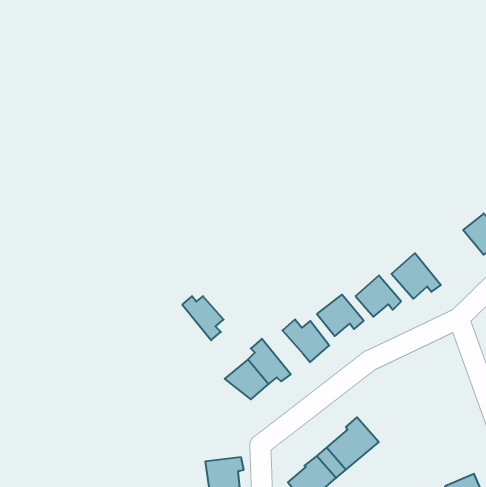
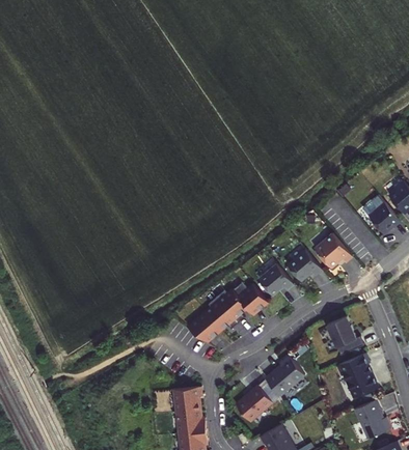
building: [182,296,224,340] -> [217,291,248,325]
building: none -> [327,316,364,356]
building: none -> [337,353,378,398]

